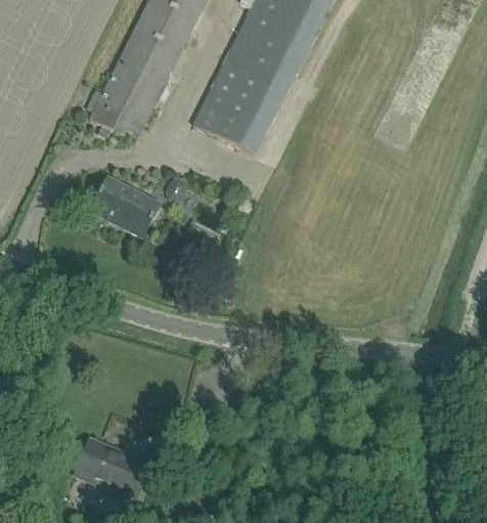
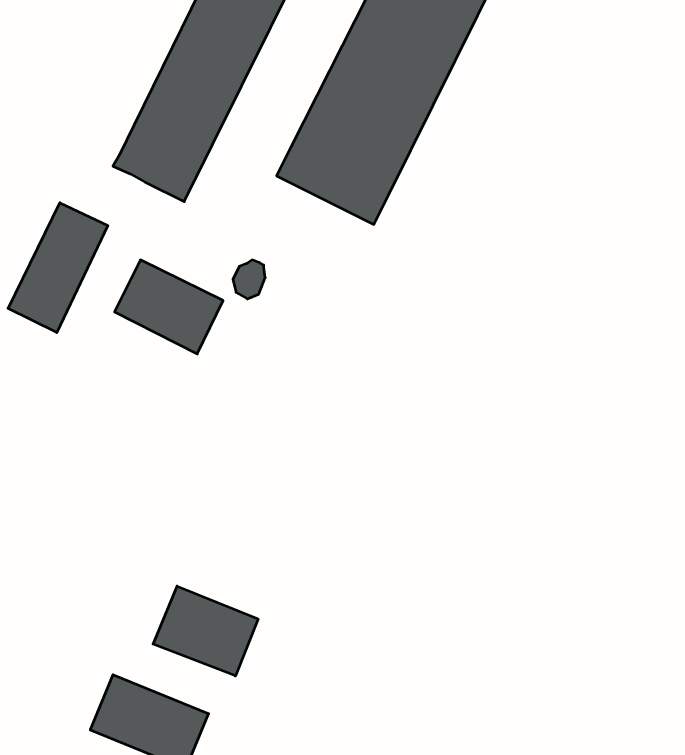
building: none -> [8,203,108,333]
building: none -> [153,586,258,676]

